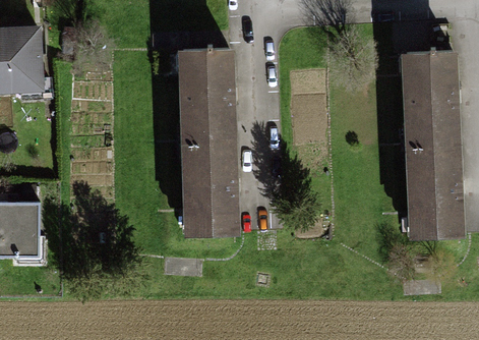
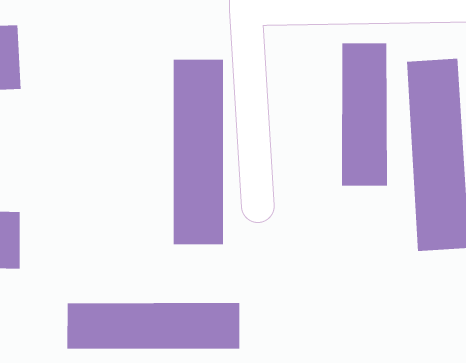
building: none -> [341,43,387,187]
building: none -> [67,302,240,350]

